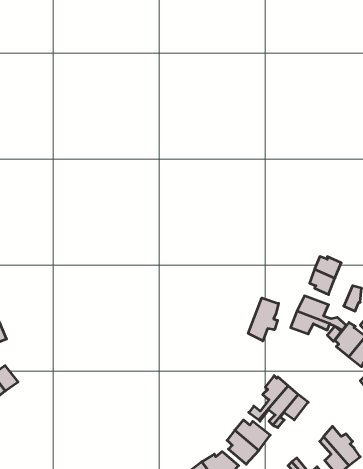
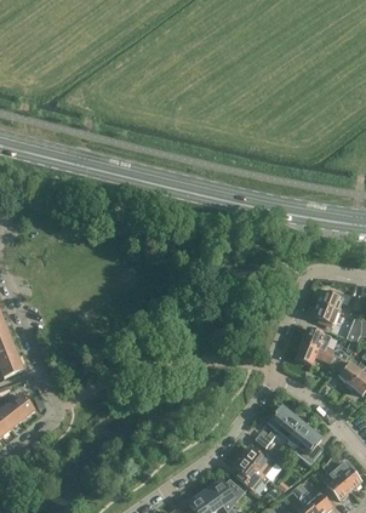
building: [248,298,279,341] -> none
building: none -> [294,429,324,463]

